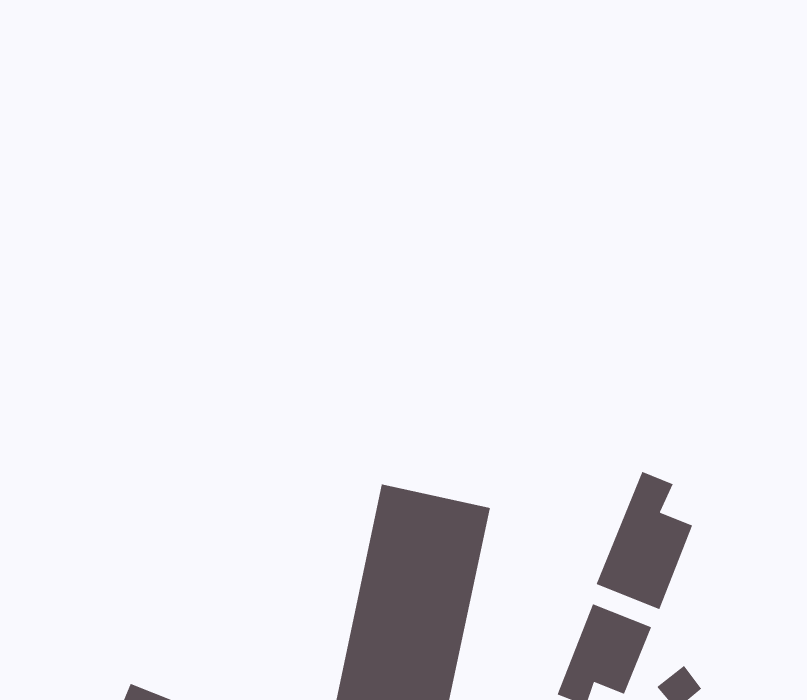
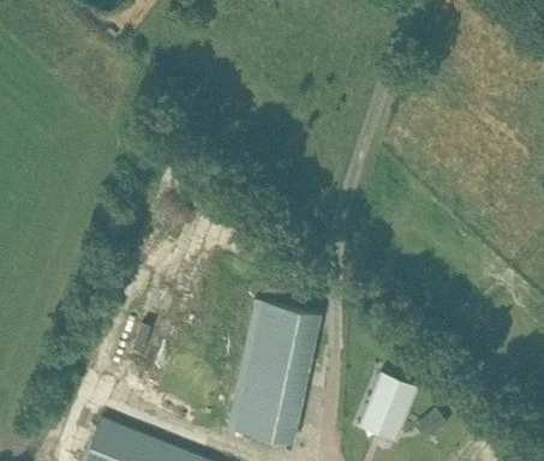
building: [595,471,693,610] -> none

